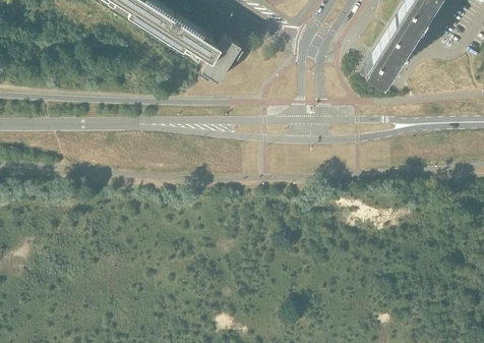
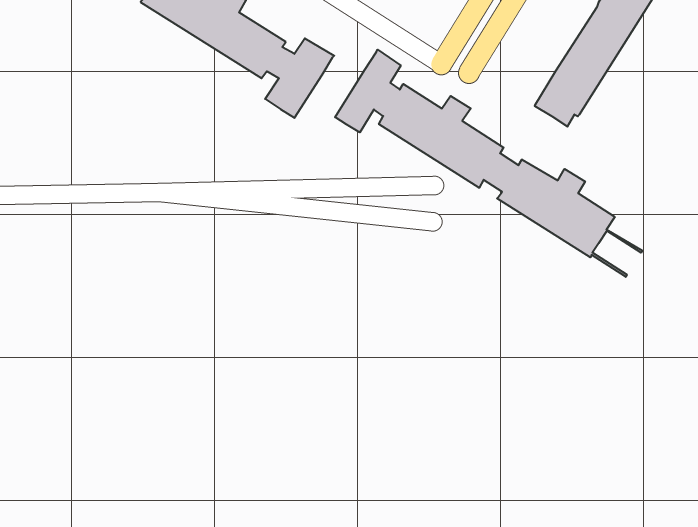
building: none -> [335,50,642,277]

